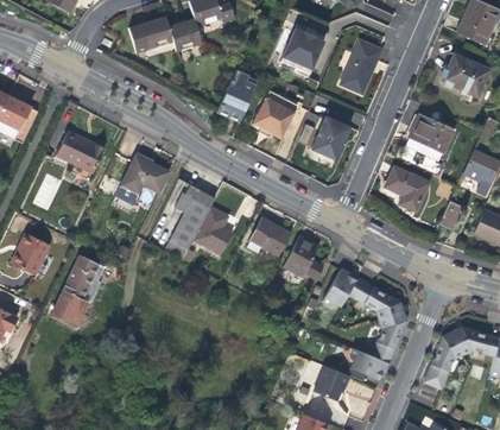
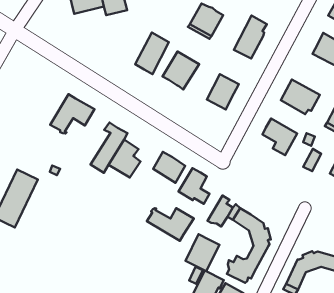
building: [57,132,103,172] -> none
building: none -> [147,208,194,241]
building: none -> [186,234,220,271]

